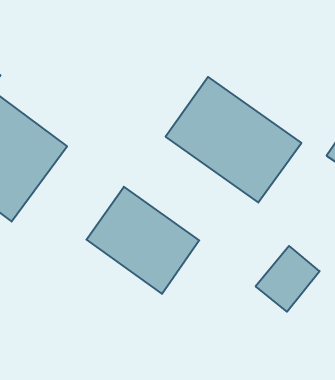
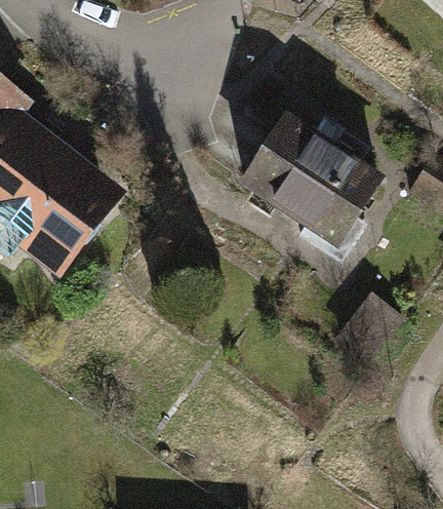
building: [86,187,199,294] -> none

